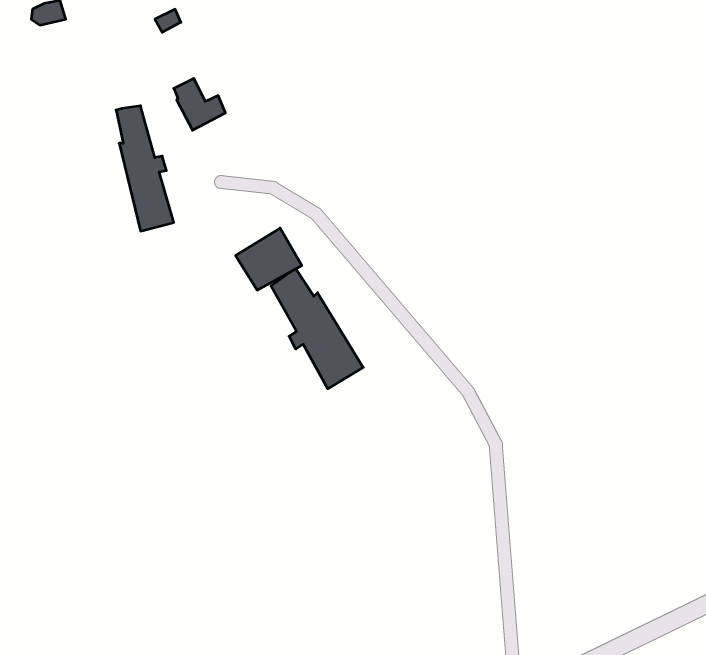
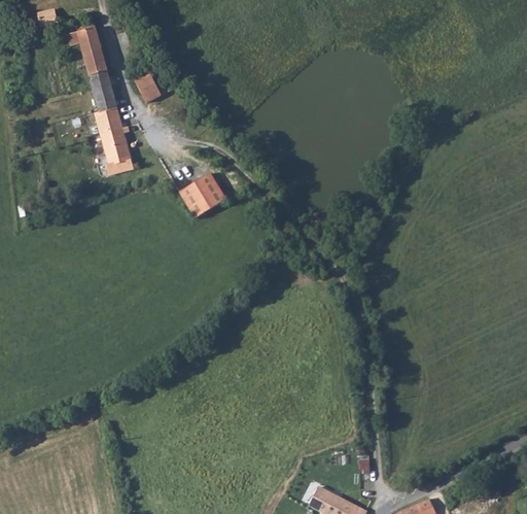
building: none -> [69,20,109,88]
building: [271,269,363,389] -> none

